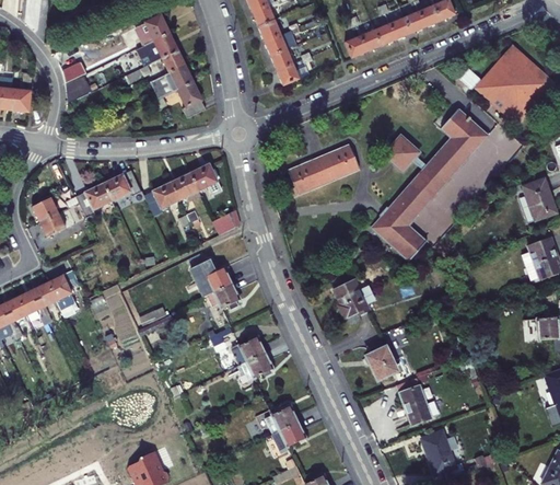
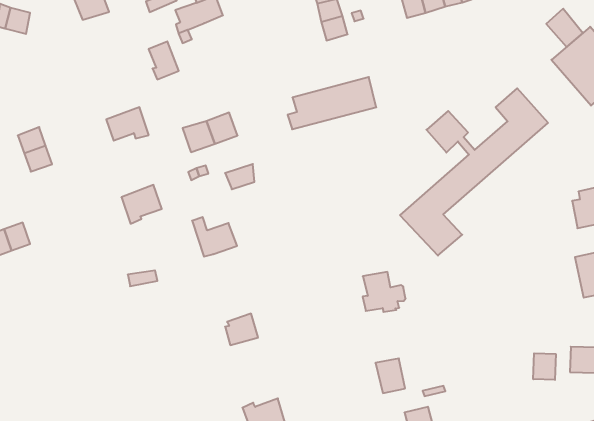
building: none -> [546,9,583,47]
building: [178,78,207,112] -> [149,41,179,79]
building: [289,140,364,194] -> [288,77,376,129]
building: [145,180,182,216] -> [121,185,162,224]
building: [75,181,114,216] -> none
building: [45,267,75,297] -> none
building: [212,275,241,304] -> none
building: none -> [533,353,556,380]
building: [236,351,269,381] -> none

